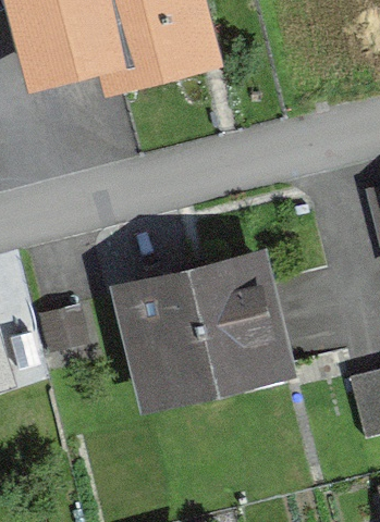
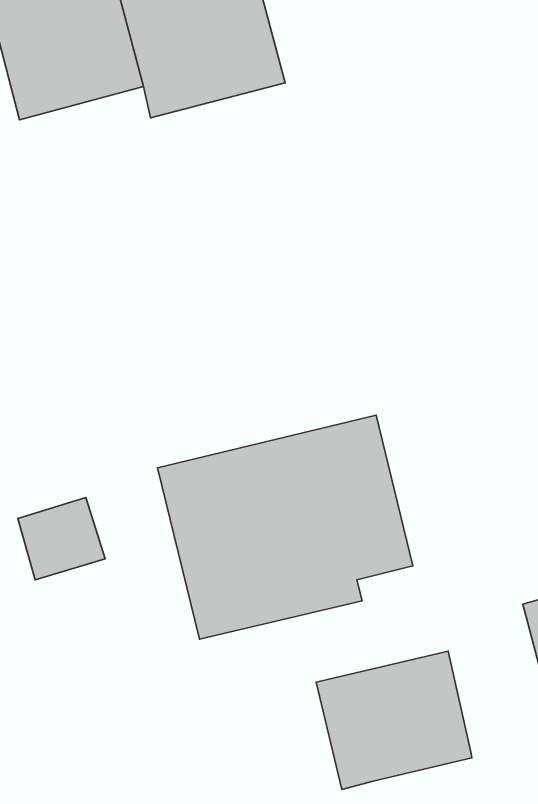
building: none -> [316,651,472,789]

